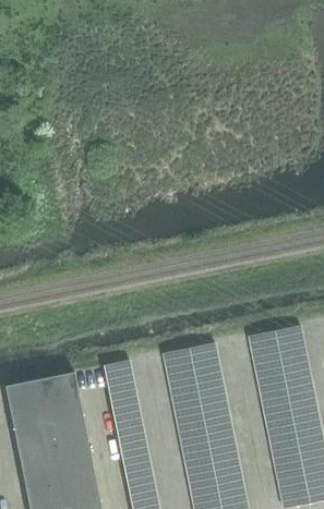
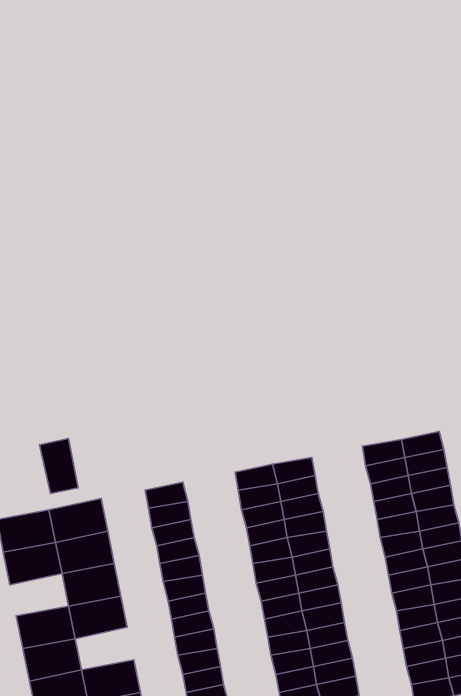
building: none -> [39,439,78,494]
building: [13,422,52,450] -> none
building: [57,458,96,486] -> none

